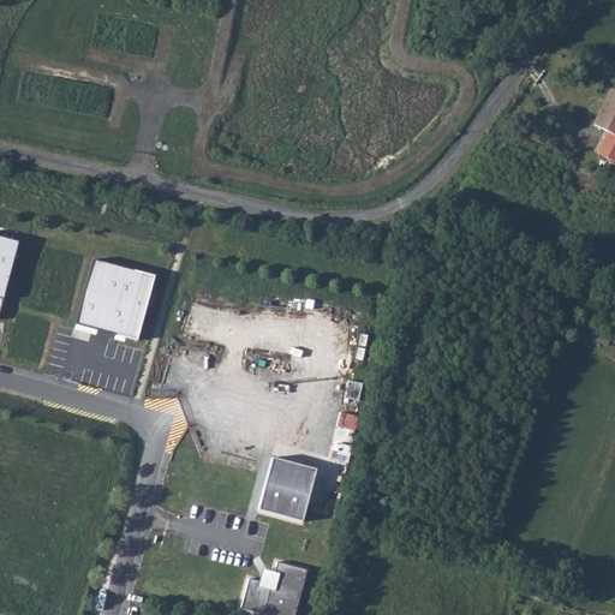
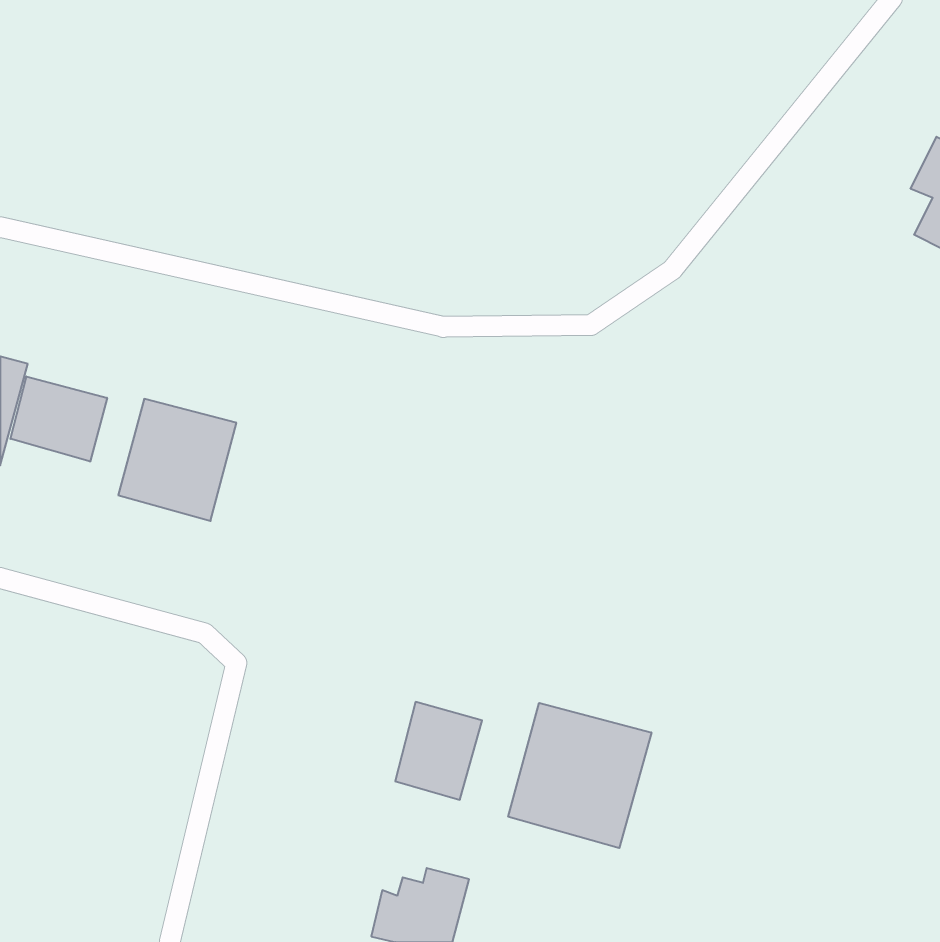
building: none -> [10,376,107,462]
building: none -> [508,703,651,848]

